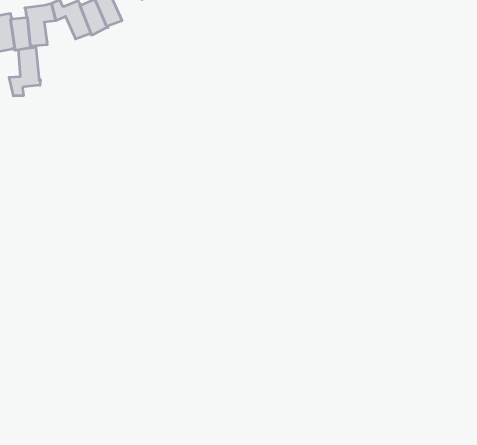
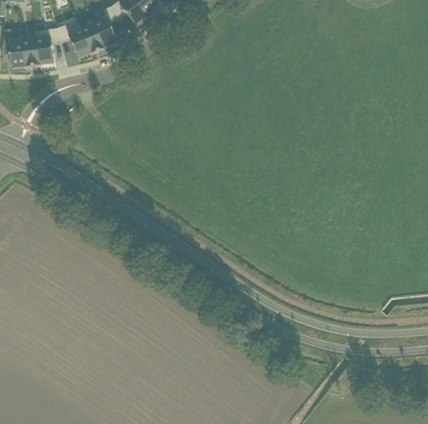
building: [9,47,40,96] -> none

